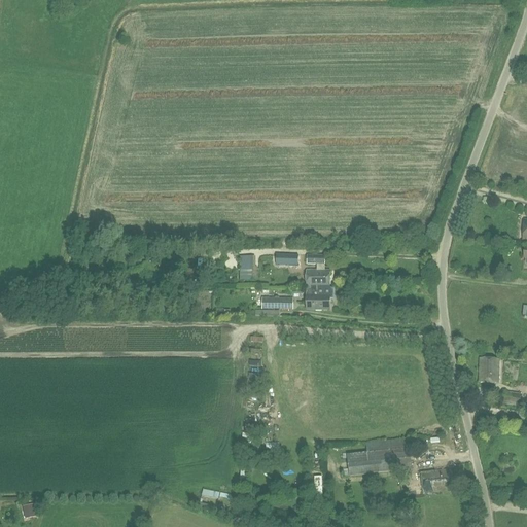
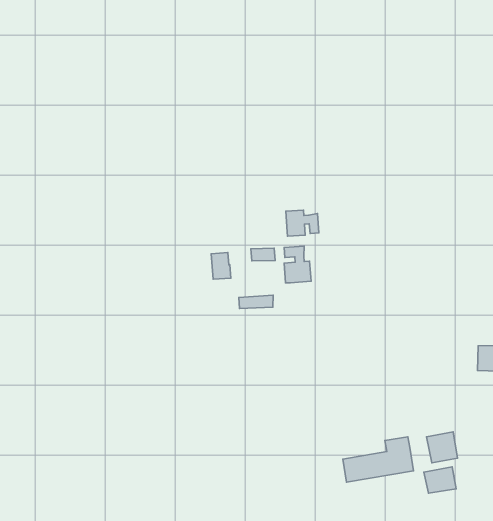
building: none -> [286,210,319,236]
building: [305,286,333,309] -> none
building: none -> [427,432,457,463]

